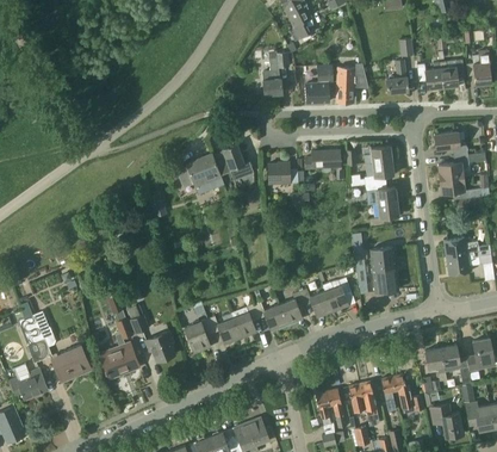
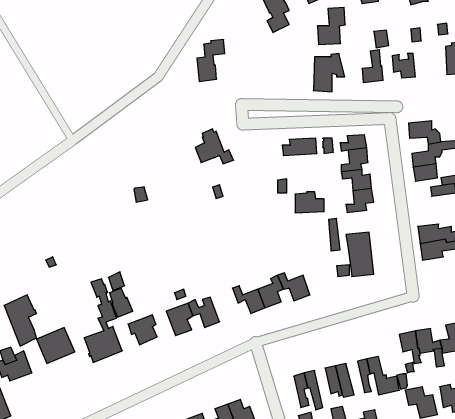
building: [261,52,290,95] -> [197,40,225,81]
building: [439,61,464,87] -> none
building: [305,64,334,103] -> [317,7,345,45]
building: [176,155,220,187] -> none
building: [268,162,298,184] -> [295,192,324,213]
building: [323,278,352,311] -> none
building: [230,304,259,339] -> none

